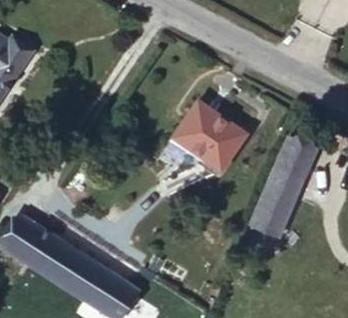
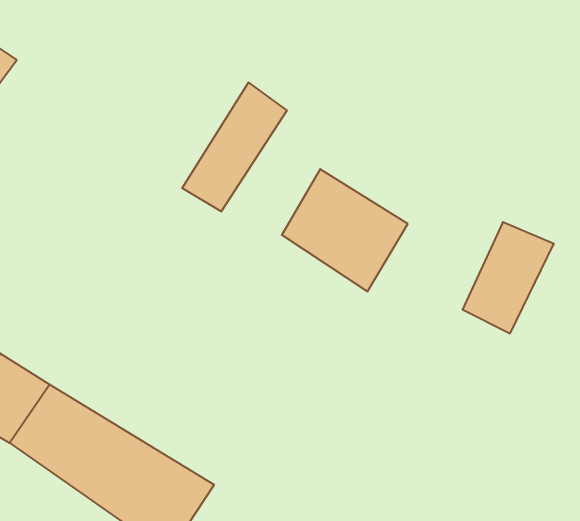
building: none -> [182,82,287,212]
building: [252,188,296,238] -> none

